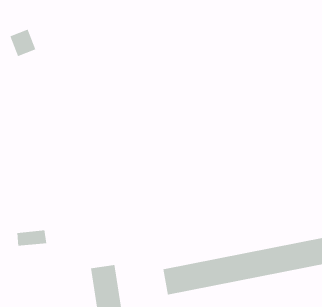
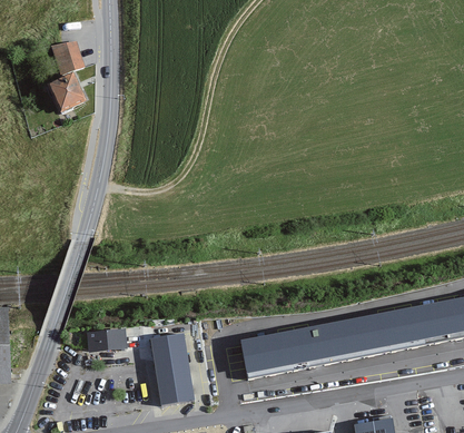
building: none -> [50,77,85,111]
building: [17,230,47,246] -> [88,331,126,351]

